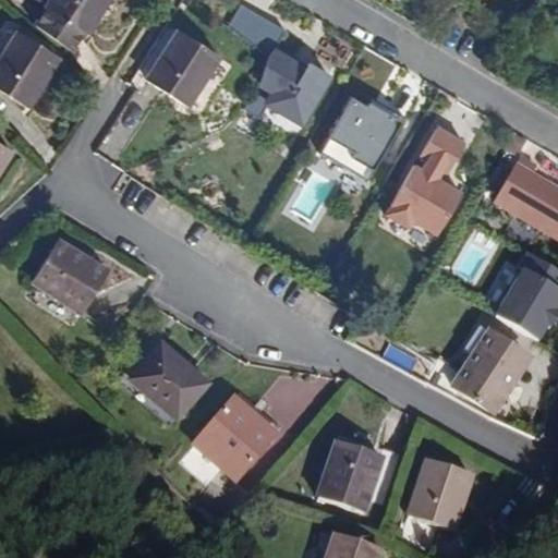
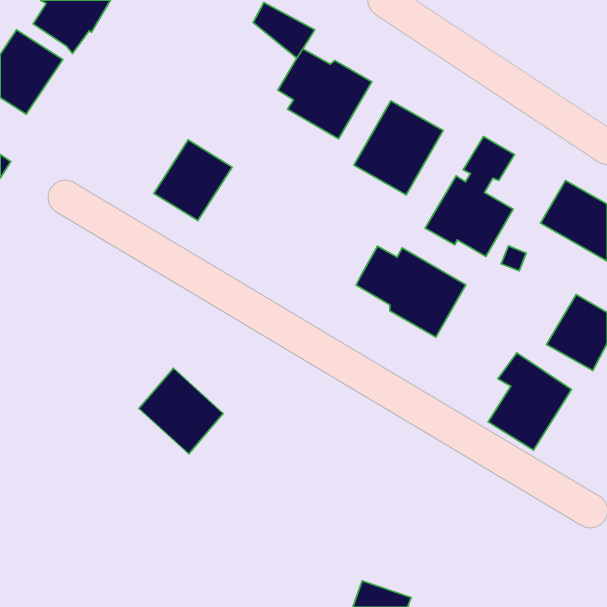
building: [144,28,216,102] -> [154,140,232,221]
building: none -> [356,246,466,337]
building: [29,235,106,308] -> none
building: [191,393,270,481] -> none
building: [314,439,401,512] -> none
building: [396,459,470,551] -> none

